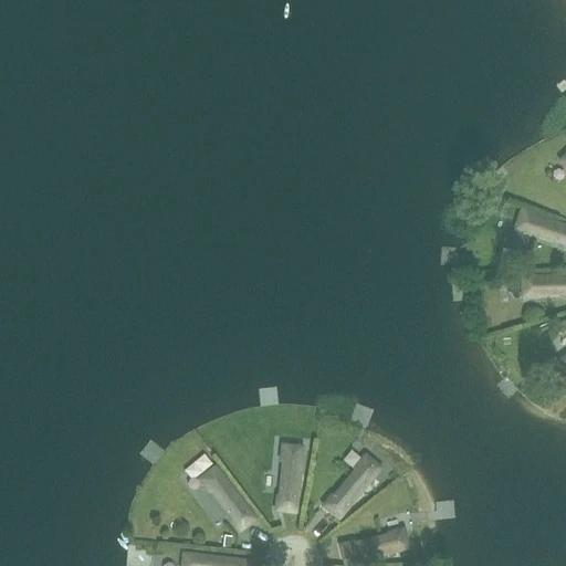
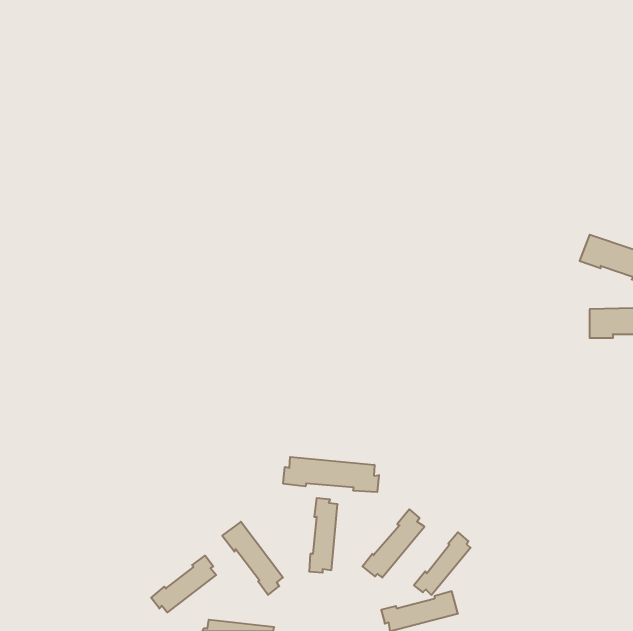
building: none -> [283,457,379,492]
building: none -> [414,532,471,595]
building: none -> [151,556,216,612]

